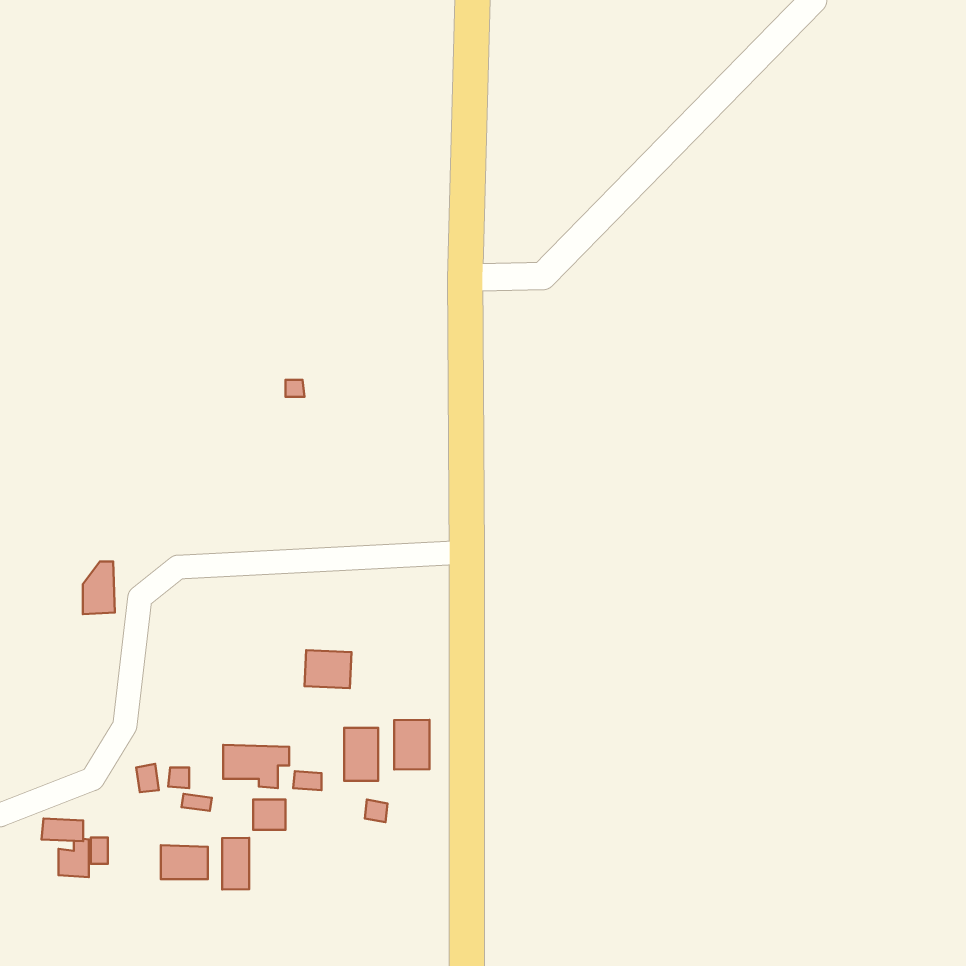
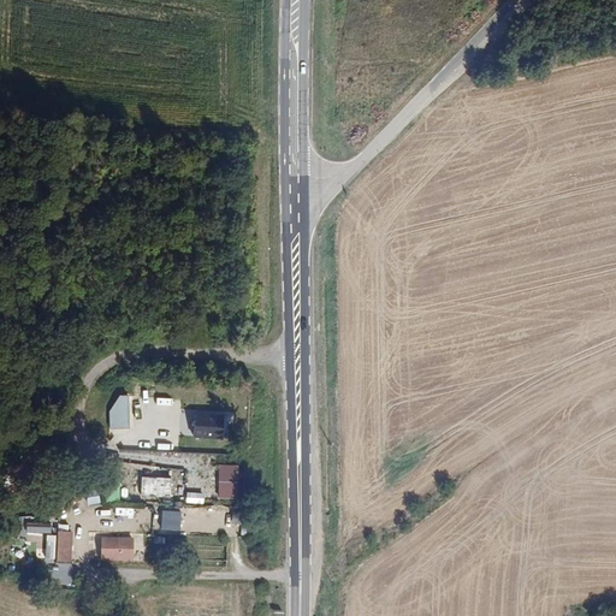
building: [83,561,115,614] -> [109,395,130,428]
building: [394,720,430,770] -> none
building: [222,838,249,890] -> none

